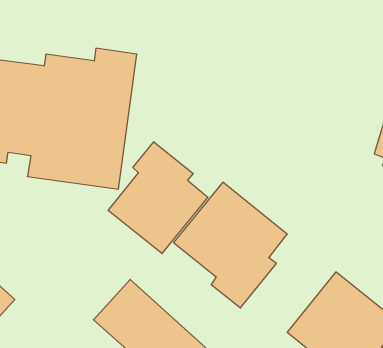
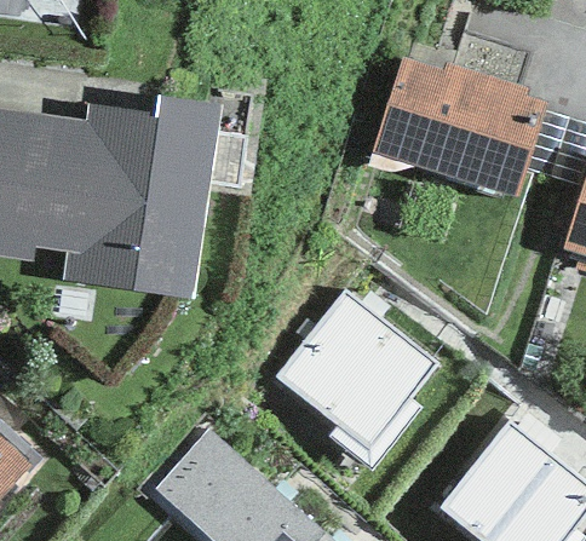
building: none -> [369,58,545,200]
building: [108,142,208,254] -> none

